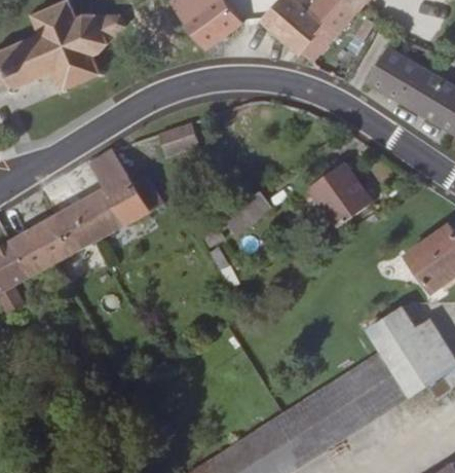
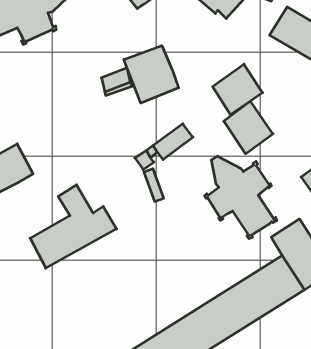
building: none -> [124,46,179,103]
building: none -> [213,64,263,115]
building: [55,149,162,252] -> [30,185,117,268]
building: none -> [205,156,277,239]

